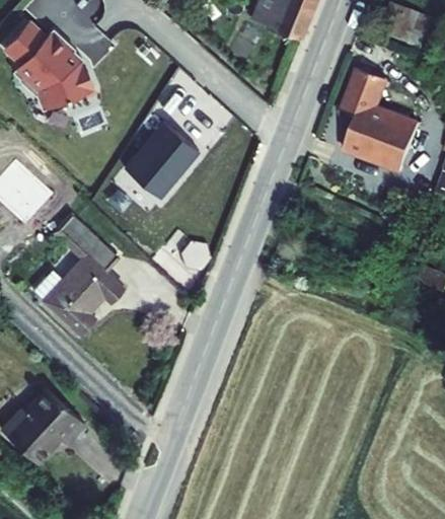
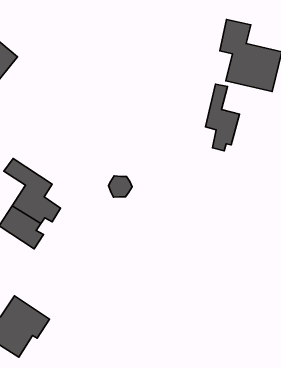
building: [118,126,197,206] -> none
building: none -> [206,84,239,151]

